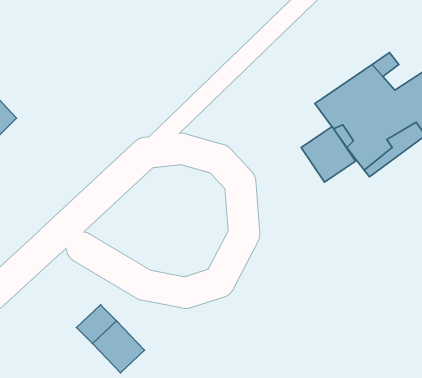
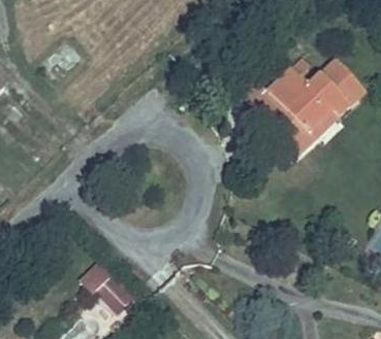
building: [301,127,356,182] -> none

